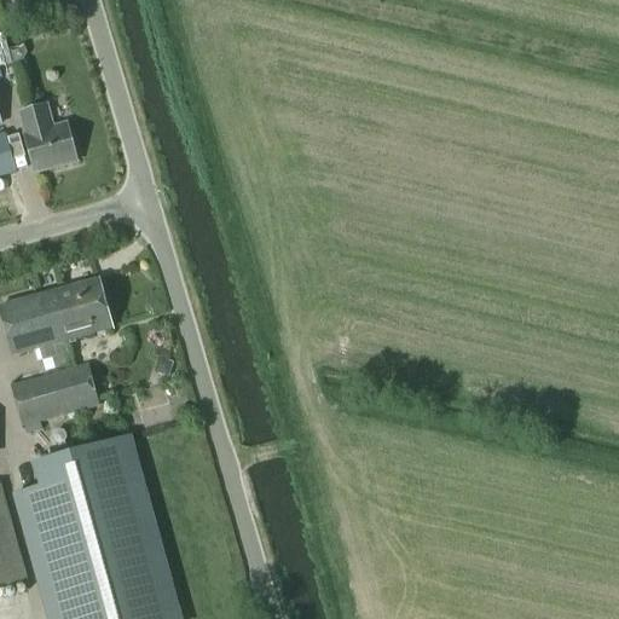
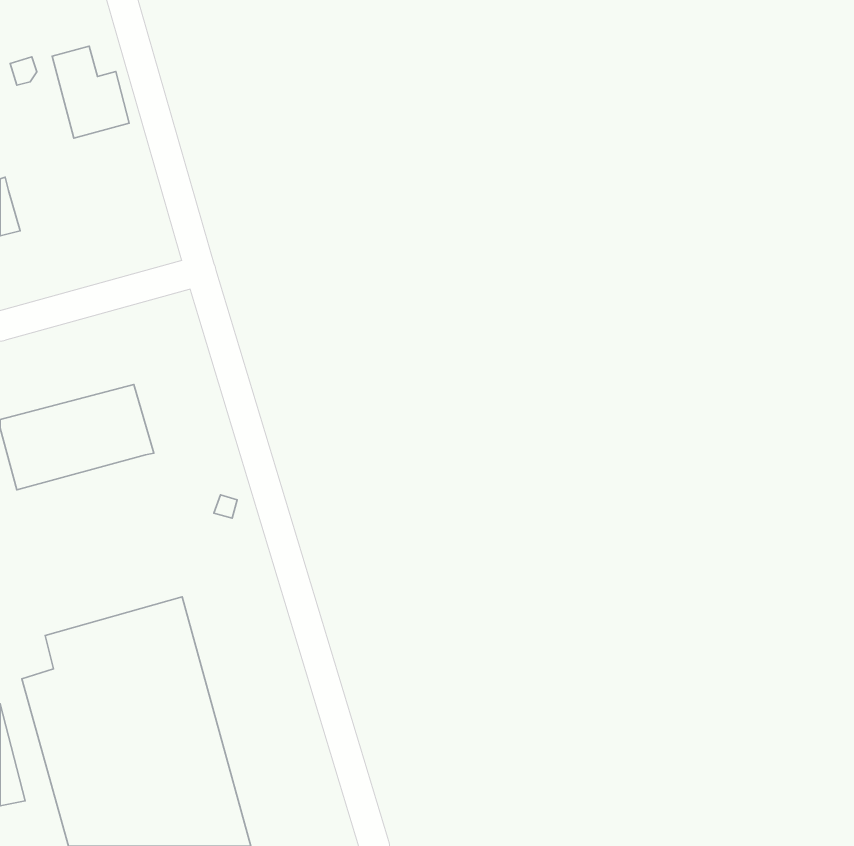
building: [19,102,75,168] -> [52,46,129,138]
building: [5,365,93,426] -> none

